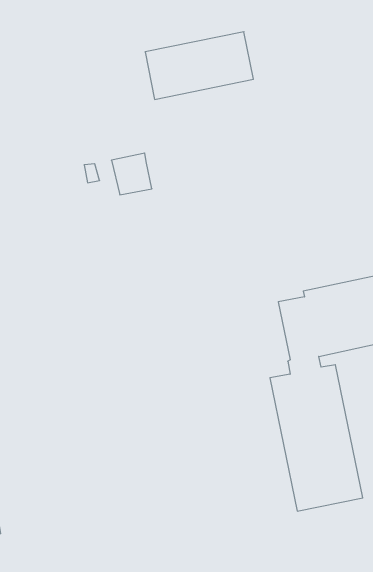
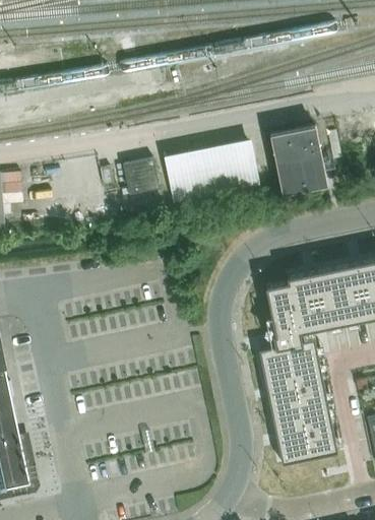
building: [145,32,253,99] -> [166,146,258,204]
building: none -> [269,127,327,195]

